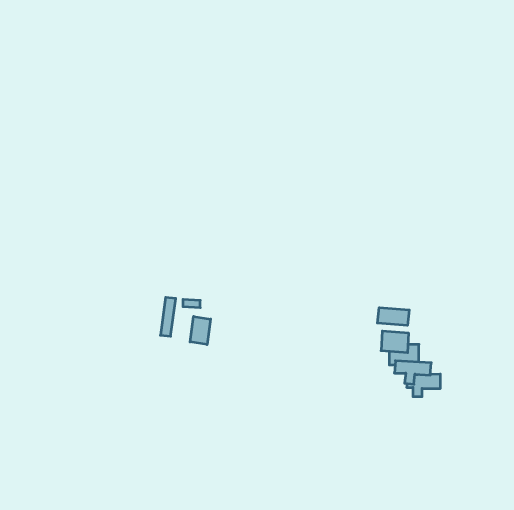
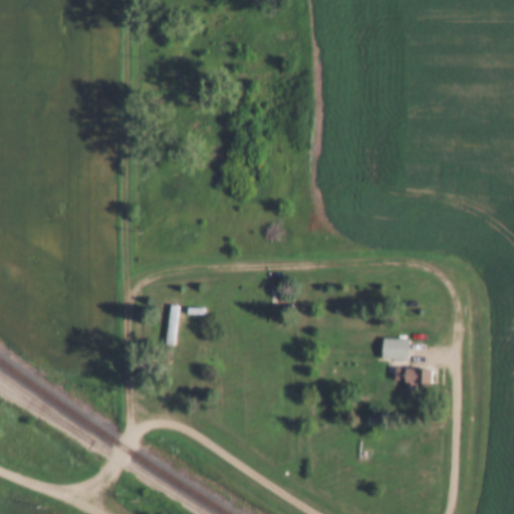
building: [377,308,409,325] -> none
building: [190,316,211,345] -> none

